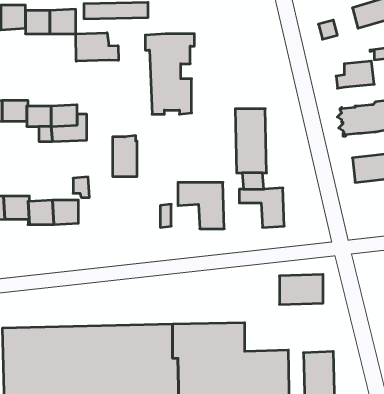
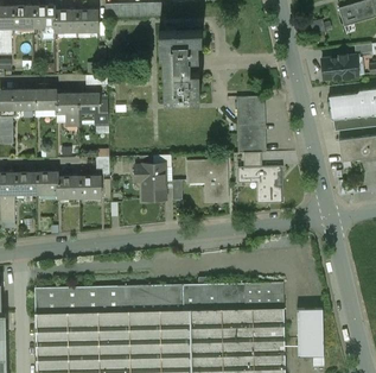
building: [76,33,118,61] -> none
building: [113,136,137,176] -> [144,163,165,198]
building: [279,274,323,304] -> [246,282,283,308]

